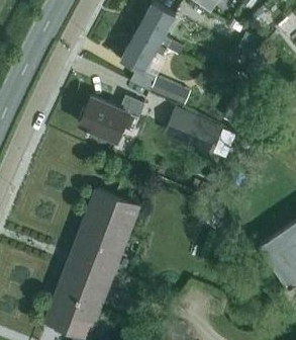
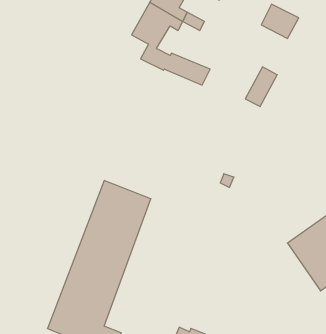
building: [77,97,143,141] -> none
building: [163,107,223,155] -> none

